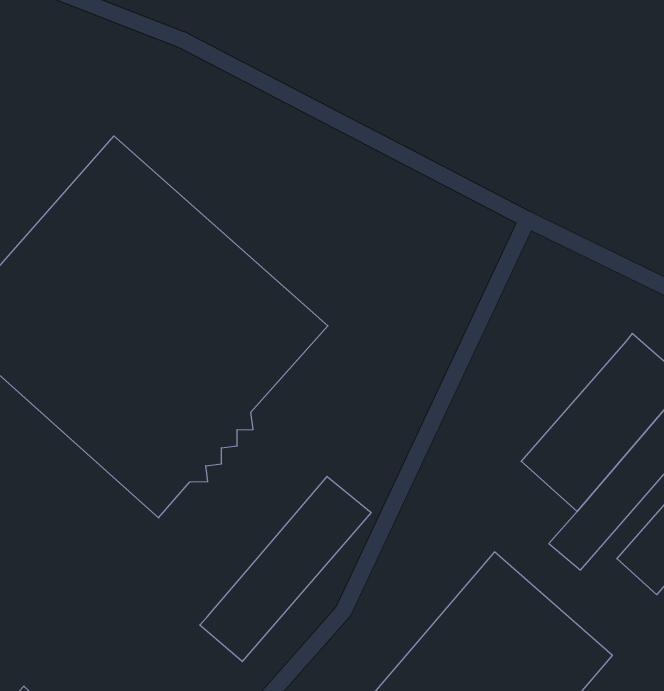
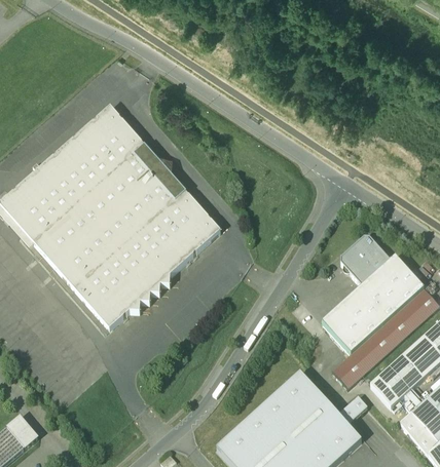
building: none -> [339,235,391,284]
building: [200,476,371,662] -> none

